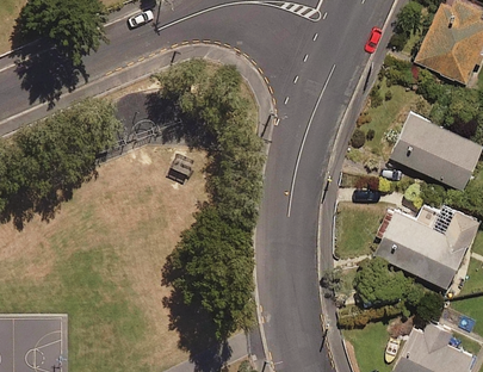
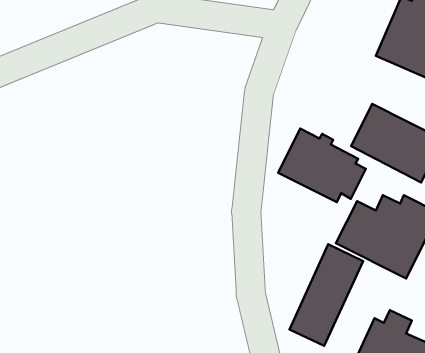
building: none -> [278,129,366,202]
building: none -> [290,244,363,346]

